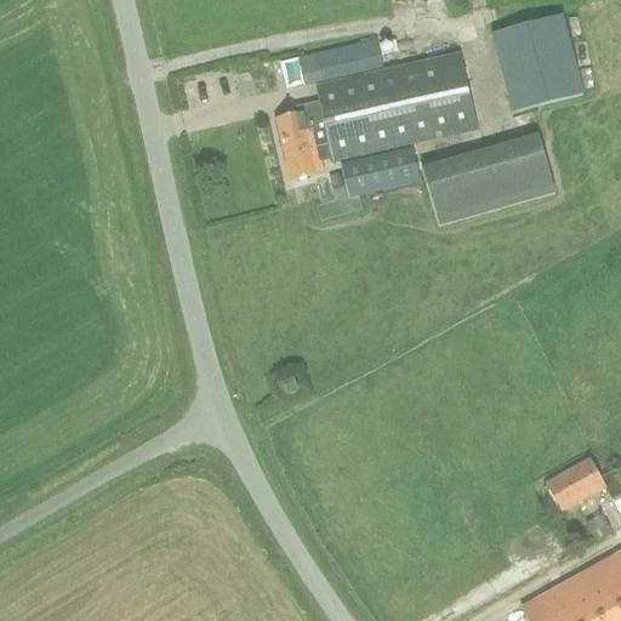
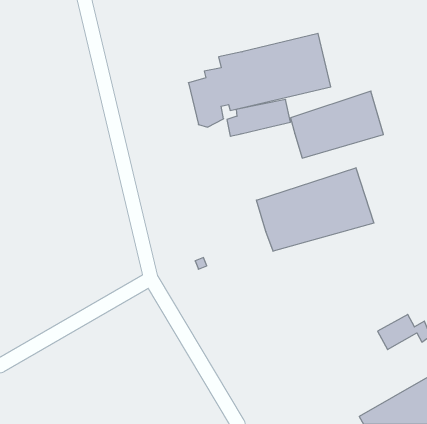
building: [491,17,585,115] -> none
building: [280,35,383,89] -> none
building: none -> [256,168,374,251]

